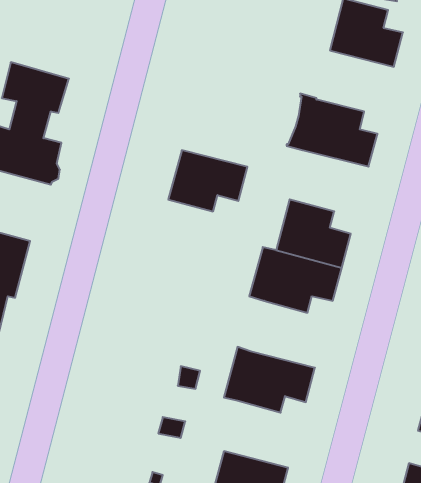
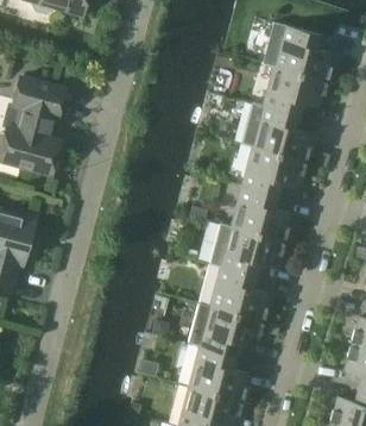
building: none -> [260,67,322,115]
building: [168,150,247,211] -> [239,146,302,195]
building: none -> [208,267,266,320]
building: none -> [187,346,245,400]

